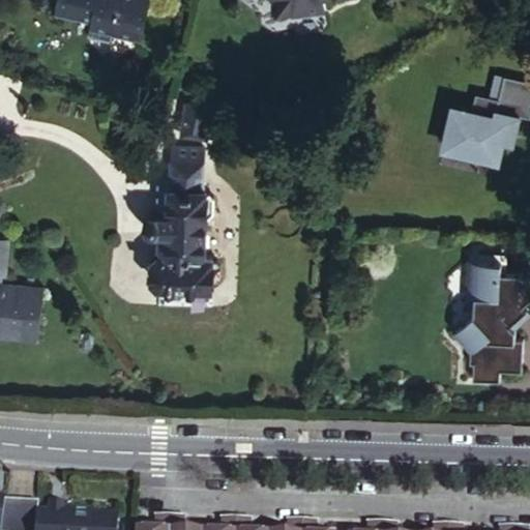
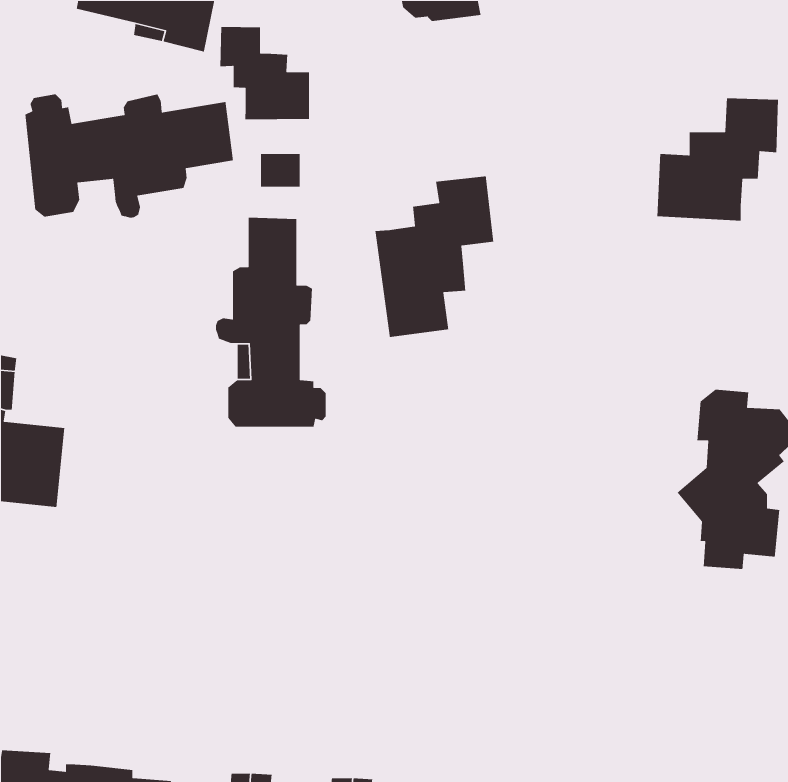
building: none -> [220,26,310,120]
building: none -> [24,94,234,218]
building: none -> [374,176,494,338]

